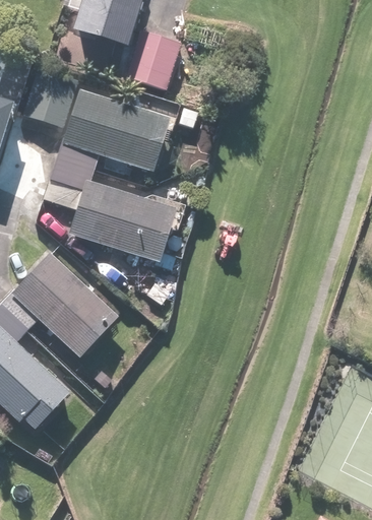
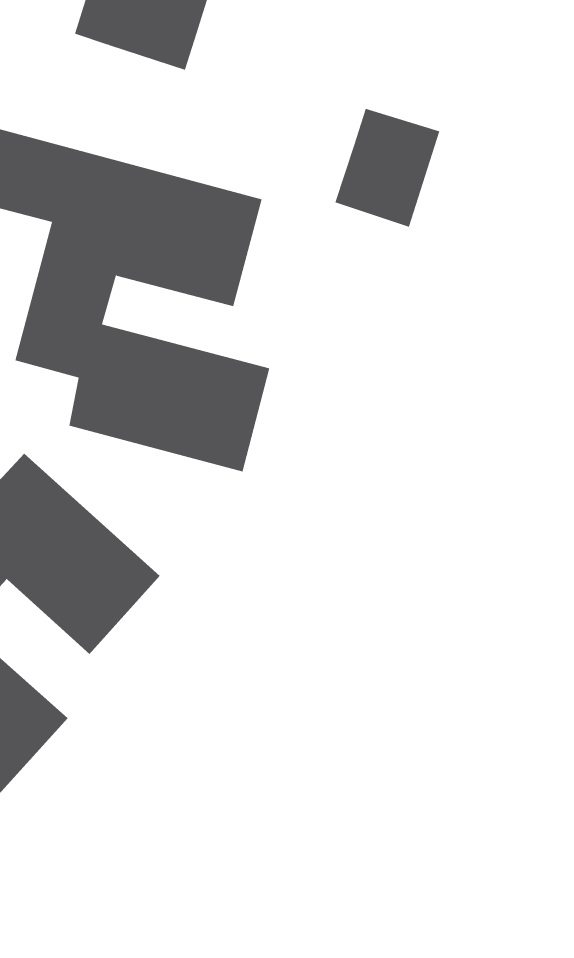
building: [124,28,180,91] -> [334,108,440,227]

